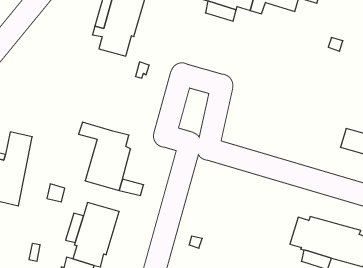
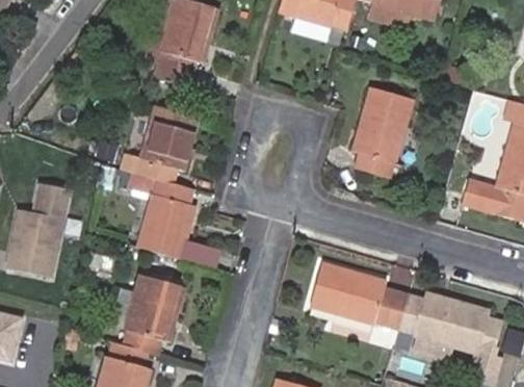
building: none -> [353,87,413,177]
building: none -> [122,104,200,182]
building: none -> [311,261,410,327]

